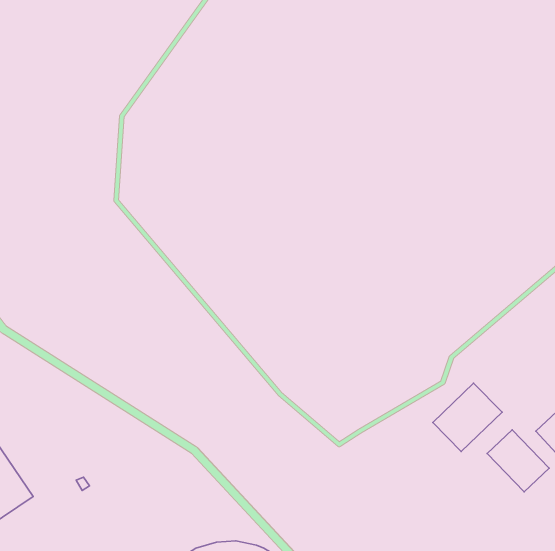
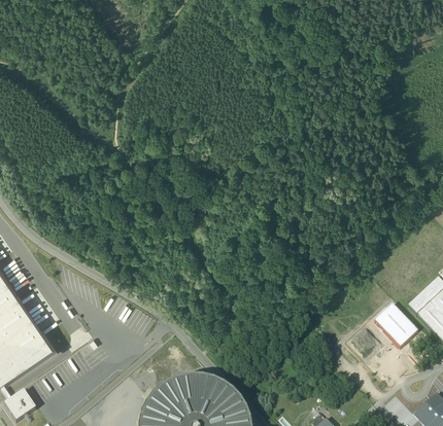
building: [433,383,502,451] -> none

